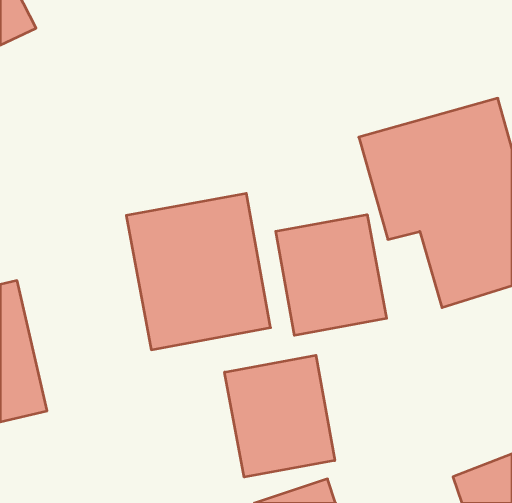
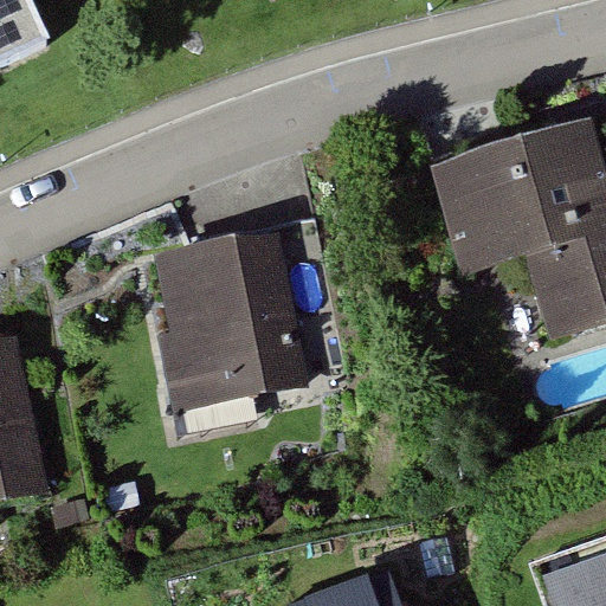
building: [276,215,387,335] -> none
building: [225,355,335,477] -> none

